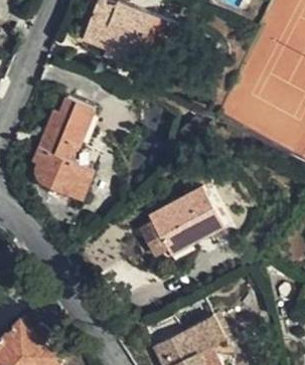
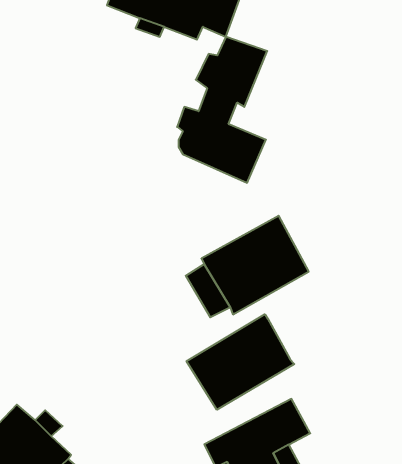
building: [31,100,95,202] -> [177,37,267,183]
building: none -> [187,314,294,410]

